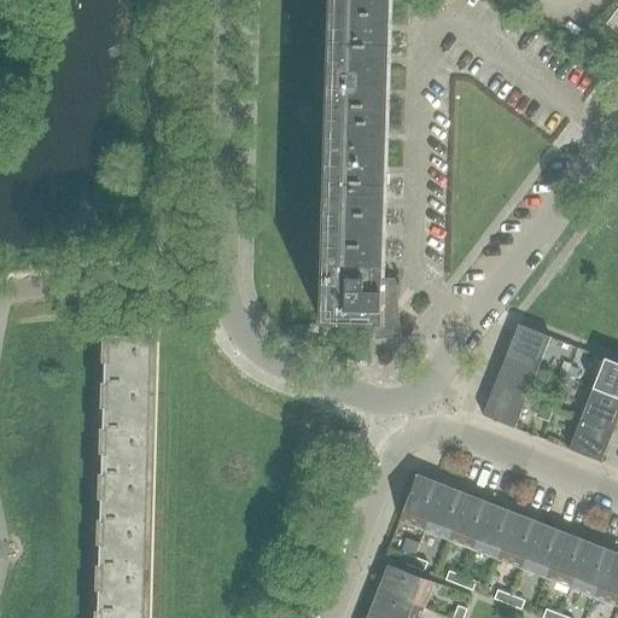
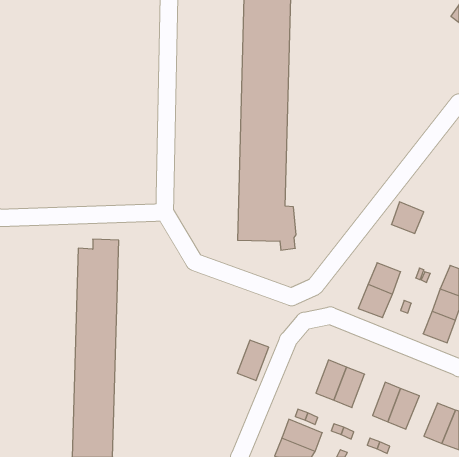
building: [506,322,549,365] -> [391,202,424,233]
building: [398,473,441,527] -> [237,340,269,381]
building: [472,502,517,558] -> none
building: [544,531,587,585] -> none

